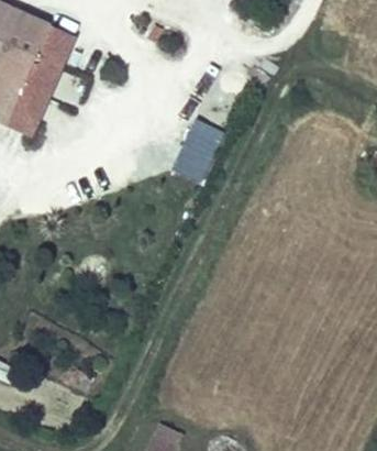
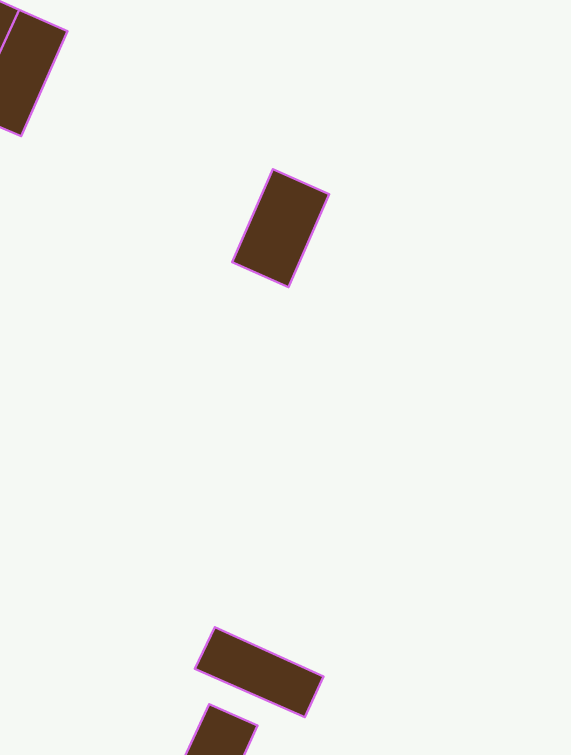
building: none -> [195,627,324,717]

